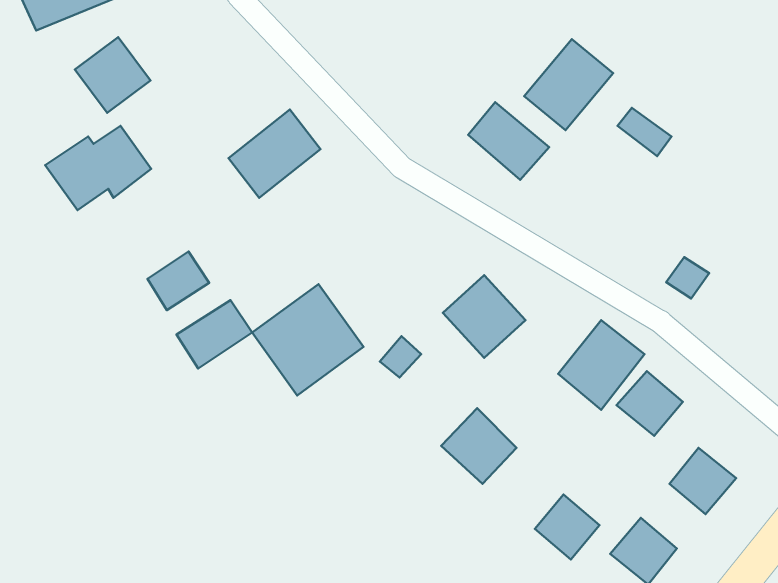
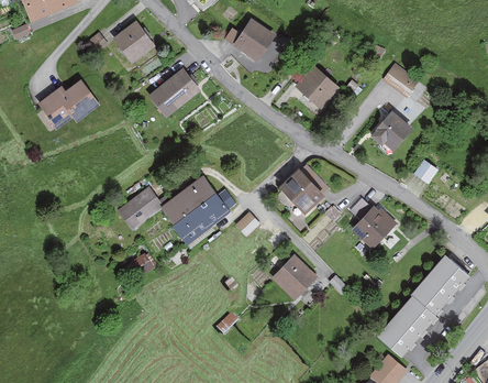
building: none -> [228,20,274,62]
building: [75,37,150,113] -> [110,20,156,66]
building: [524,39,613,130] -> none
building: none -> [370,108,415,153]
building: [148,252,209,310] -> none
building: [616,371,683,436] -> [433,254,474,294]
building: [535,495,600,559] -> [398,297,437,337]

